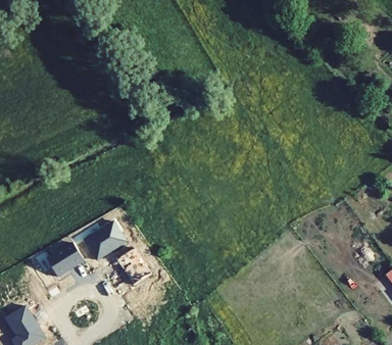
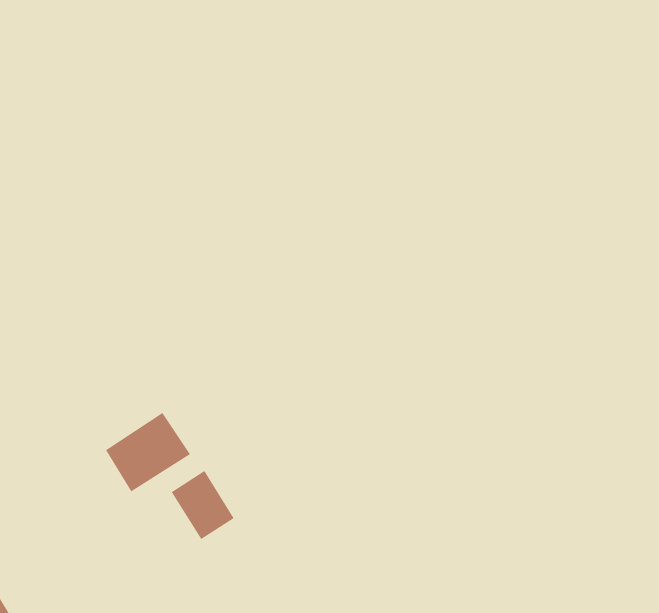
building: [48,243,84,278] -> none

